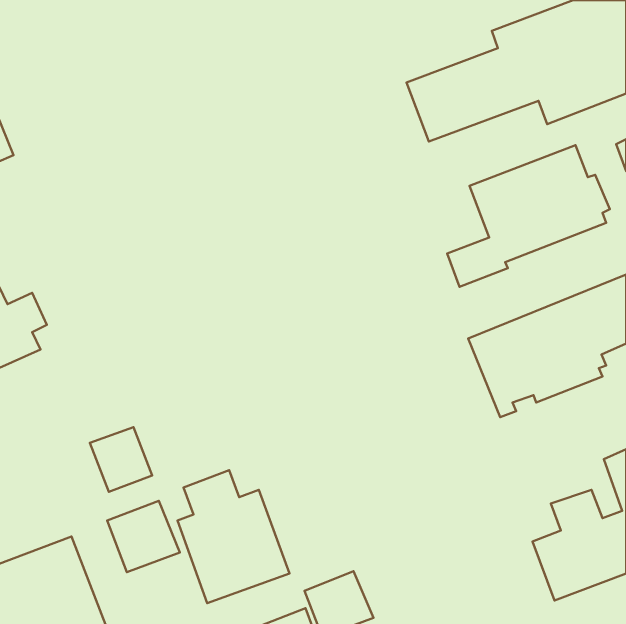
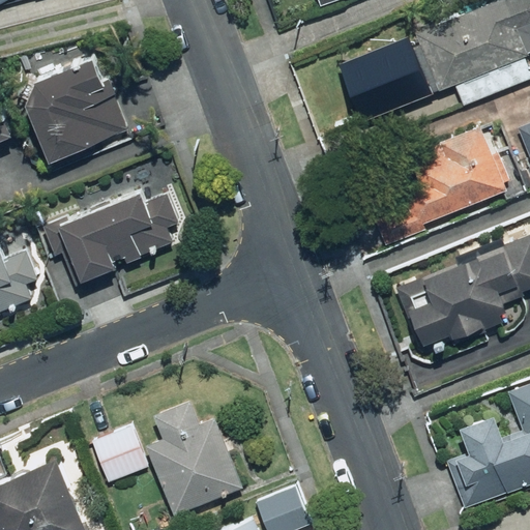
building: none -> [20,56,130,163]
building: none -> [42,188,179,286]
building: [90,427,152,492] -> none

